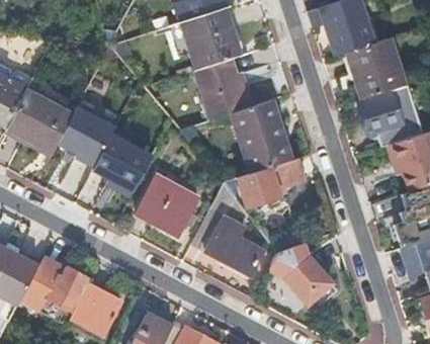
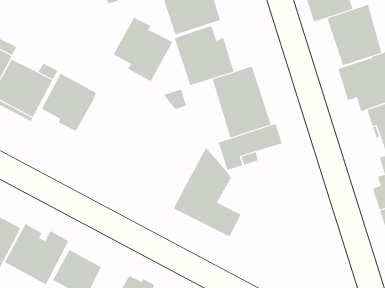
building: [92,132,153,197] -> [113,17,173,82]
building: [137,175,197,235] -> none
building: [271,243,331,304] -> none

